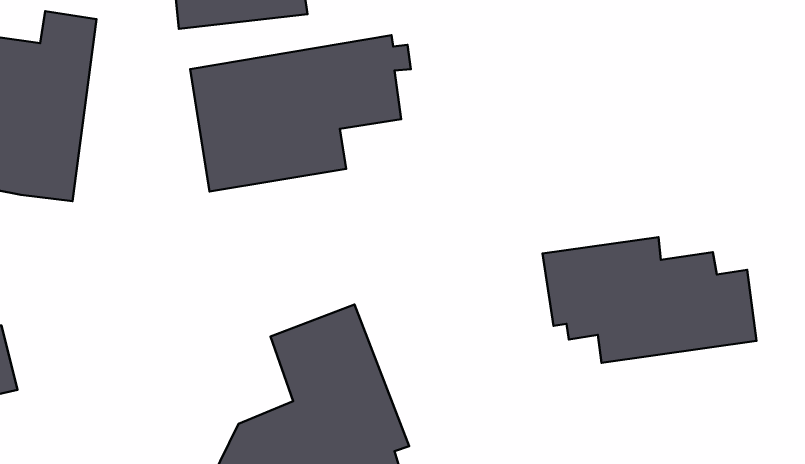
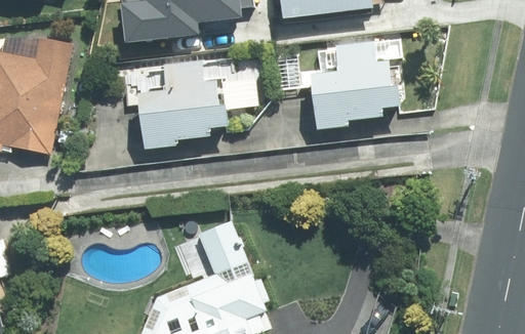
building: none -> [310,39,399,128]
building: [542,237,756,363] -> none

